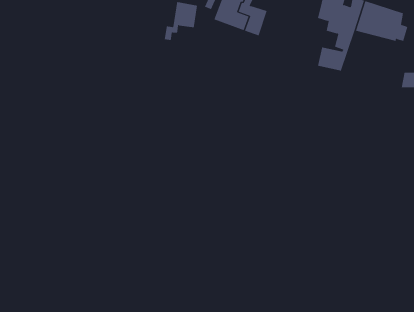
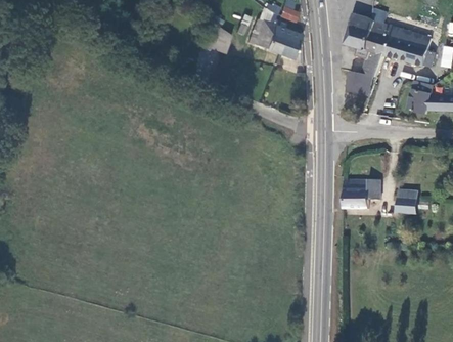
building: none -> [409,80,433,113]
building: none -> [343,179,379,208]
building: none -> [397,180,418,212]

